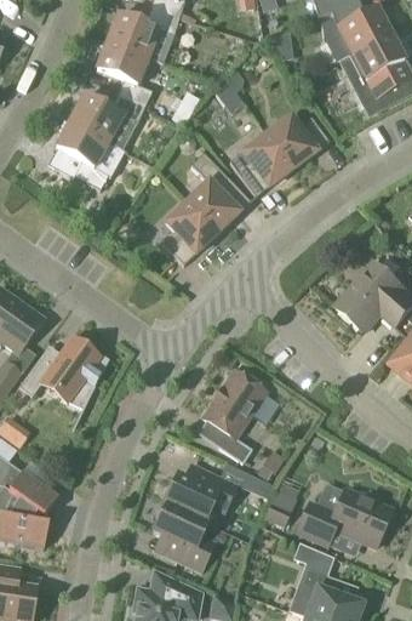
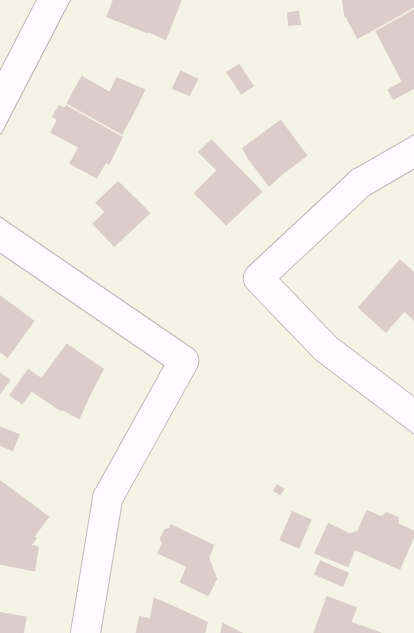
building: [95,41,150,107] -> none
building: [265,115,327,167] -> none
building: [161,201,216,263] -> [92,180,152,248]
building: [201,369,265,461] -> none
building: [162,472,235,522] -> none

